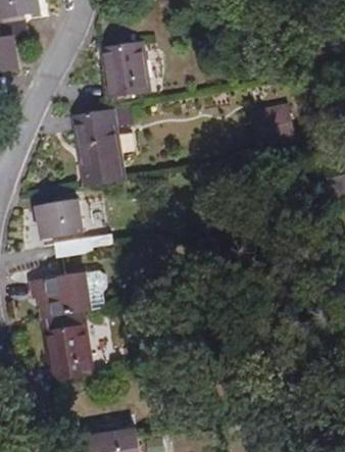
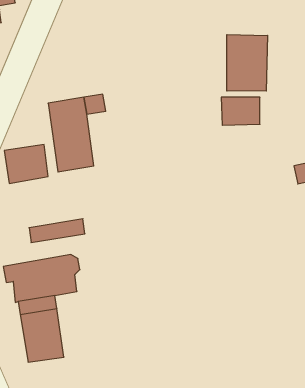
building: [102,43,148,98] -> none
building: none -> [227,35,268,91]
building: [37,199,82,239] -> [4,145,48,183]

